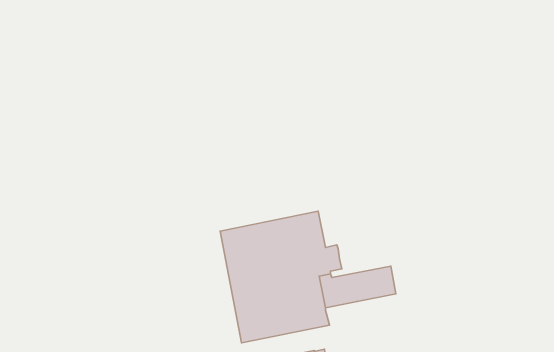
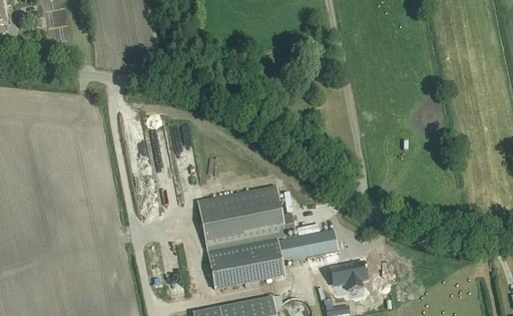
building: none -> [332,260,365,288]

